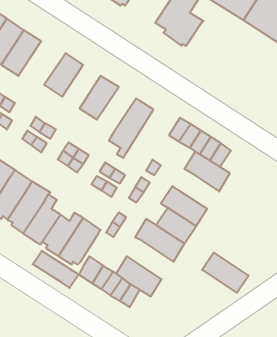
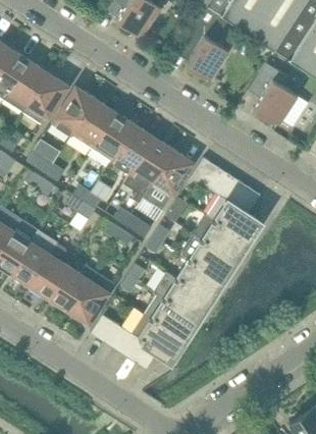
building: none -> [253,62,298,122]
building: none -> [22,72,68,124]
building: none -> [71,99,114,148]
building: none -> [110,123,154,173]
building: none -> [143,149,194,210]
building: none -> [195,214,247,260]
building: [33,251,79,288] -> none
building: [202,253,249,293] -> [144,293,196,338]

